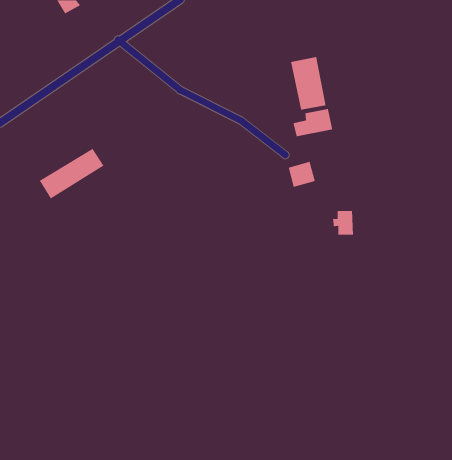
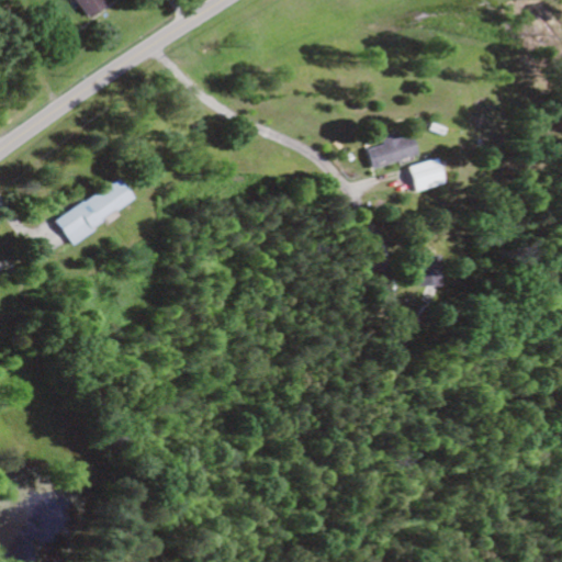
building: [290,56,327,111] -> none
building: [288,161,316,188] -> [408,159,442,192]

